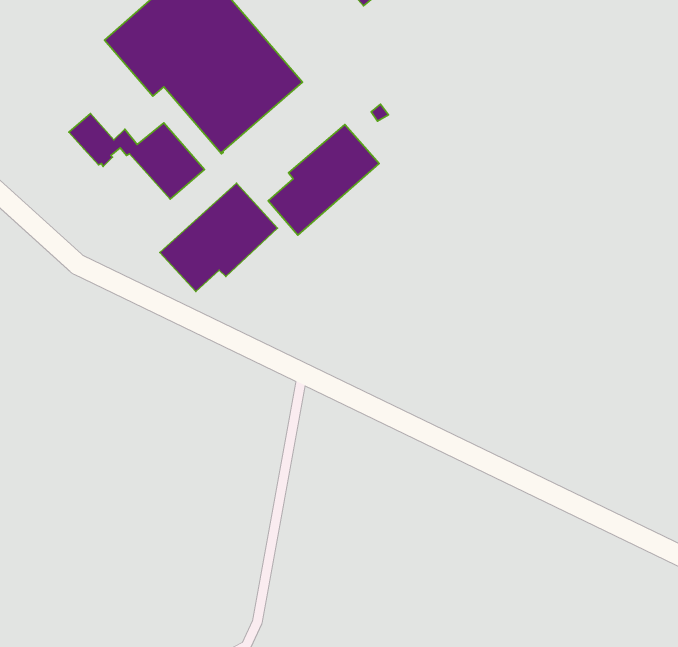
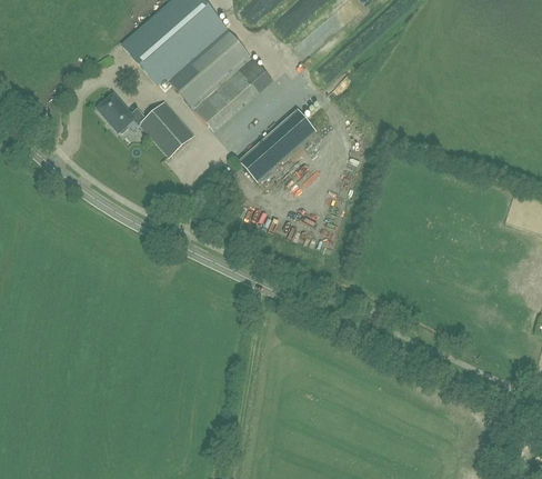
building: [160,183,277,292] -> none

